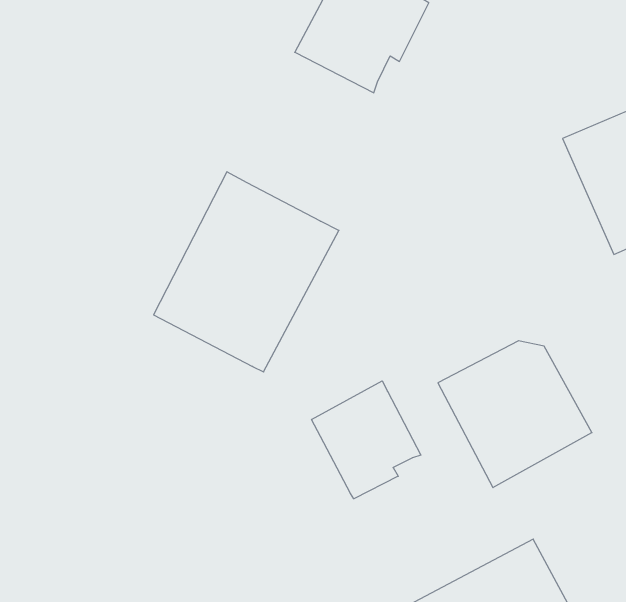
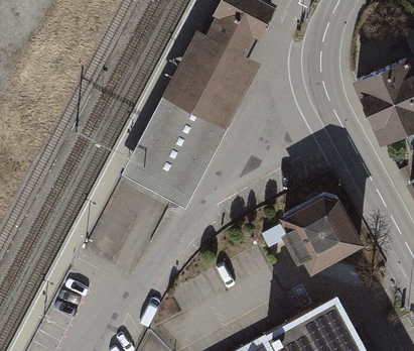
building: none -> [164,31,260,130]
building: [312,381,421,499] -> none

